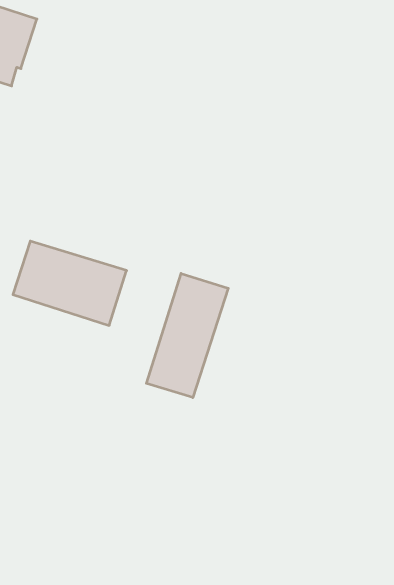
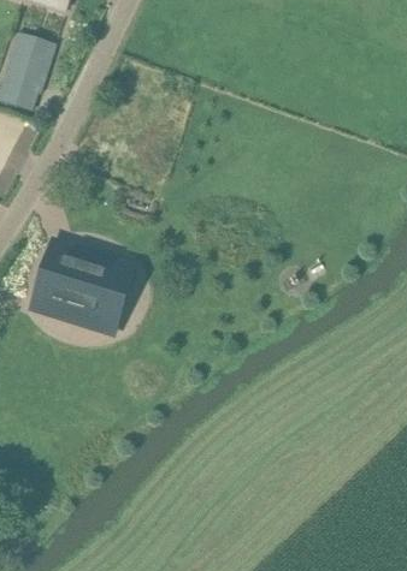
building: [146,273,228,398] -> none

